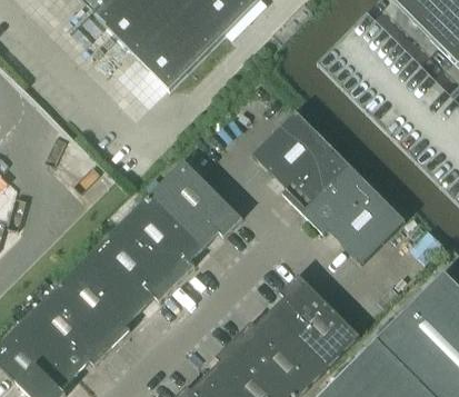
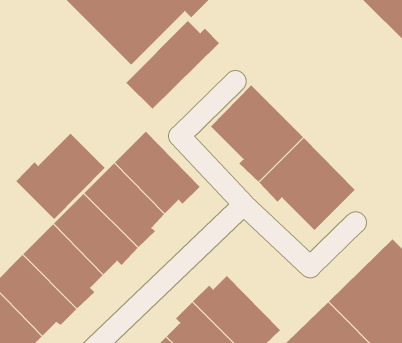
building: none -> [125,20,220,109]
building: none -> [16,133,105,220]
building: [269,274,359,369] -> none

